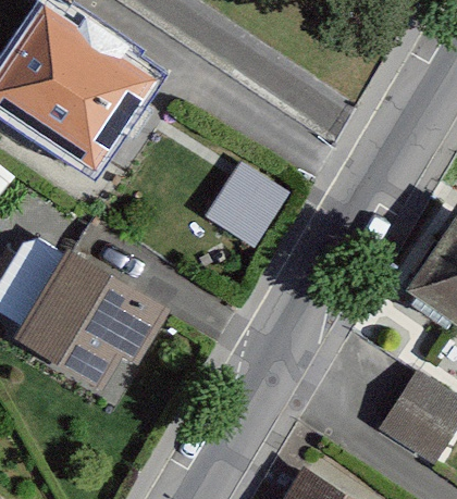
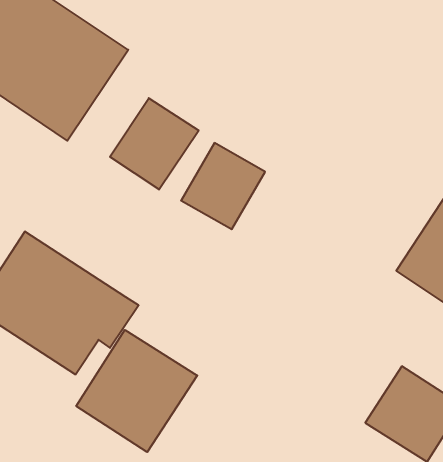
building: none -> [110,98,199,190]
building: none -> [76,330,197,452]

